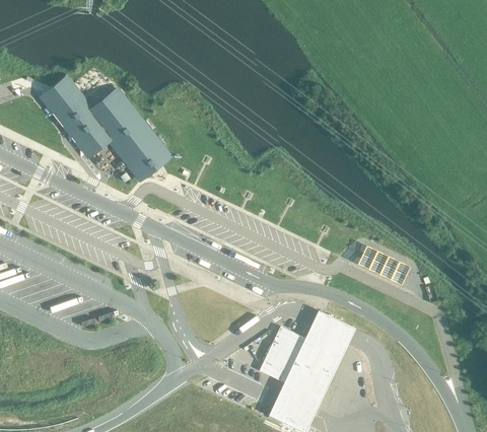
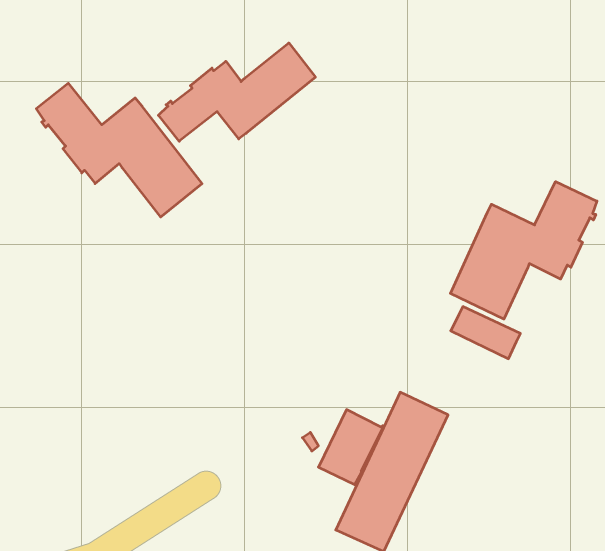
building: none -> [158,43,315,141]
building: none -> [450,182,597,319]

